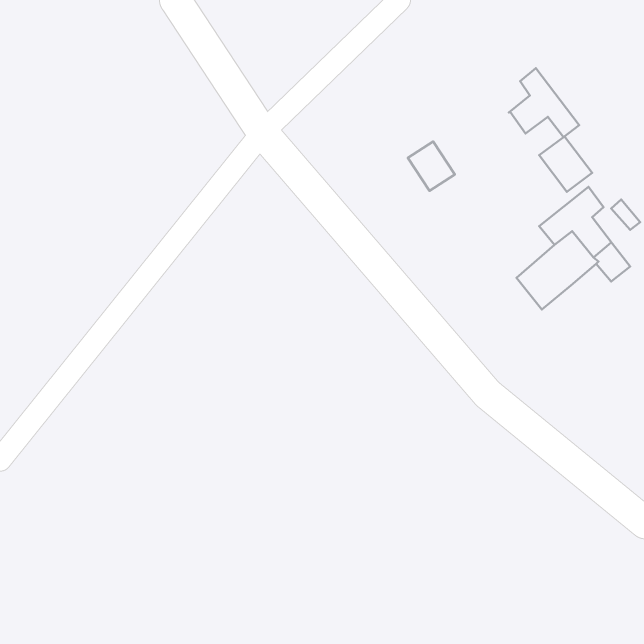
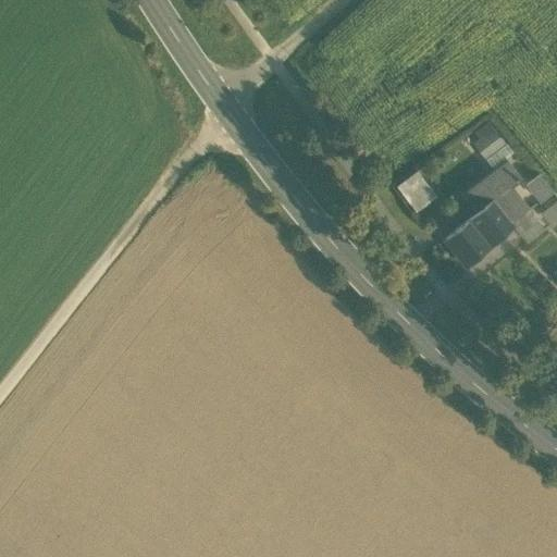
building: [509,68,579,137] -> none
building: [408,142,455,191] -> [394,169,434,211]

